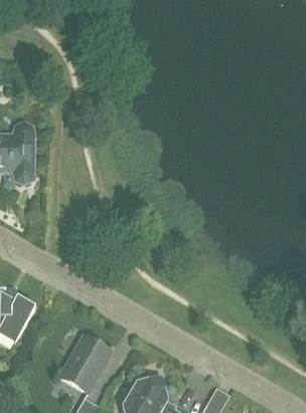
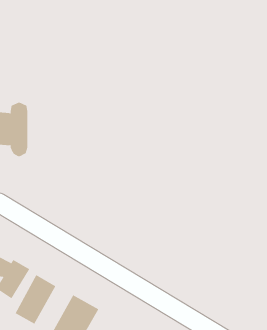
building: none -> [15,274,56,324]

